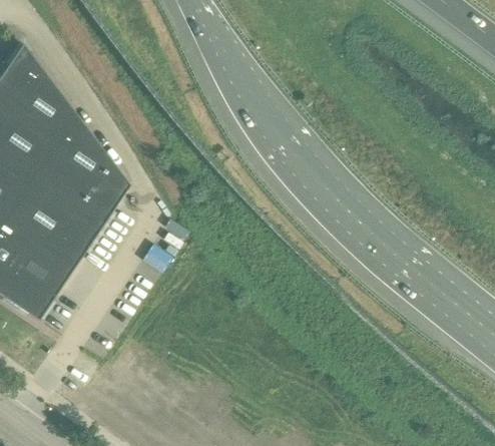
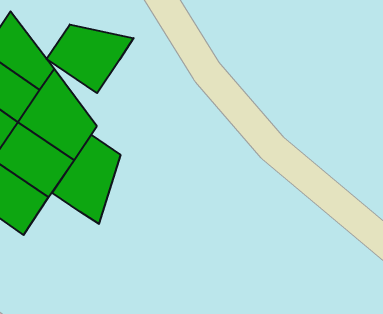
building: none -> [46,24,134,93]
building: none -> [52,135,120,224]

